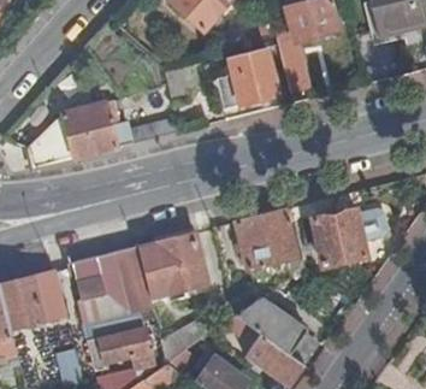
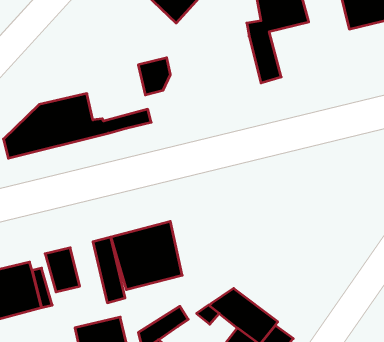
building: [215,48,277,107] -> none
building: [238,210,297,269] -> none
building: [312,212,363,261] -> none
building: [82,252,134,325] -> none

